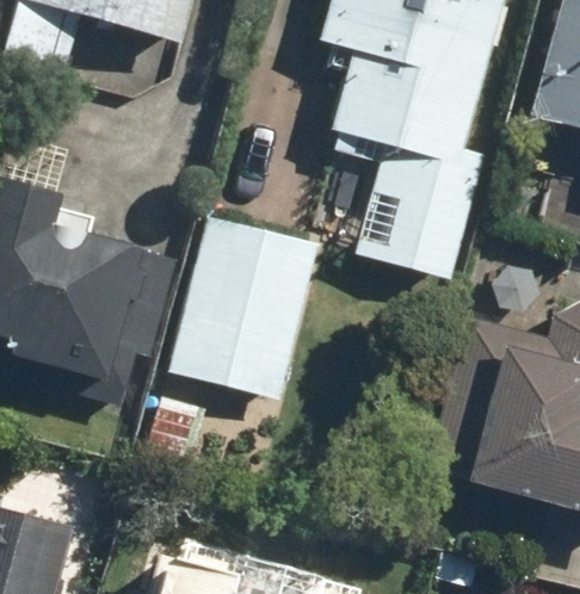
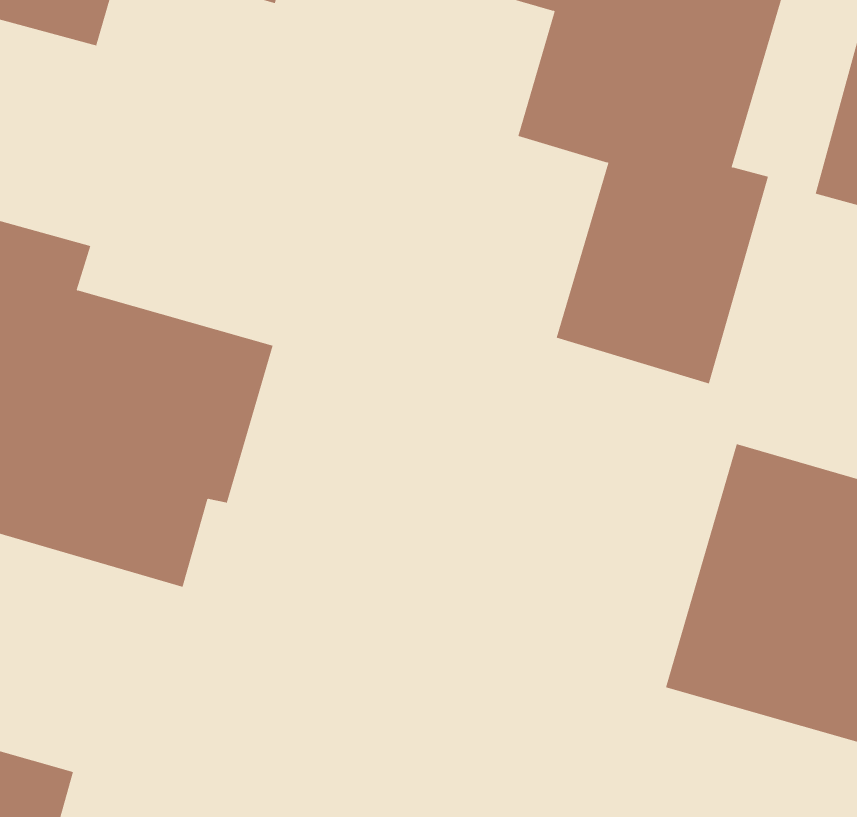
building: [168,212,321,400] -> none

